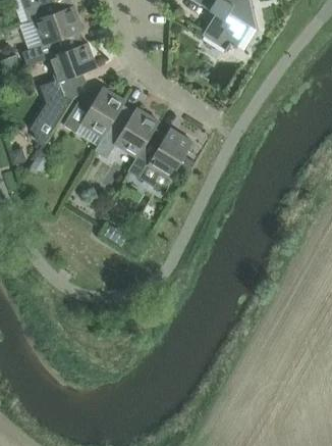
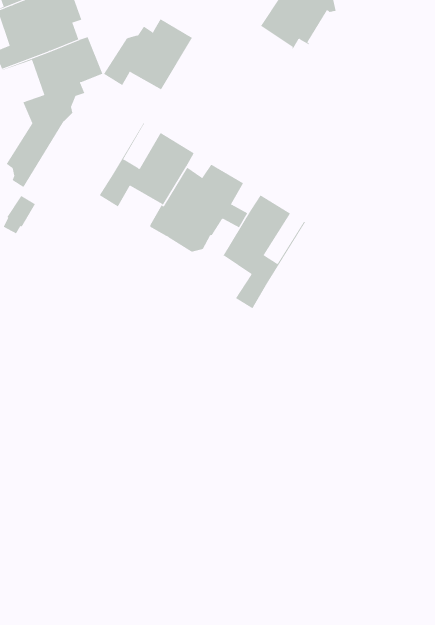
building: [62,87,123,136] -> [103,18,193,90]
building: none -> [222,194,306,309]

